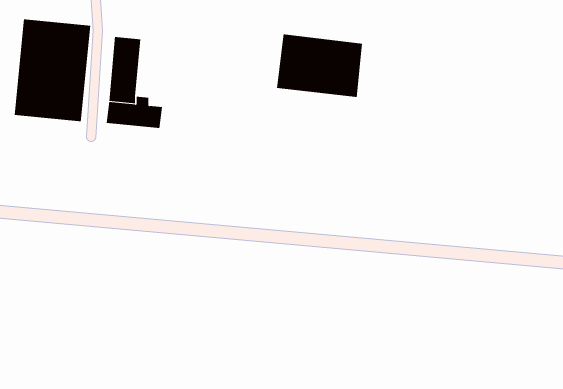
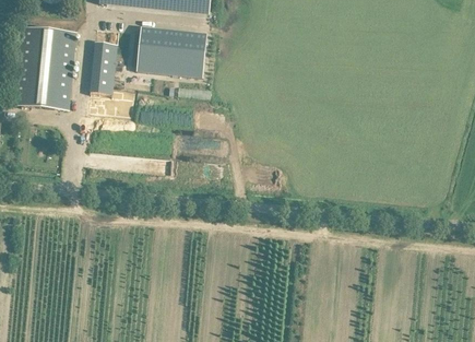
building: [276,34,363,98] -> [136,27,206,79]

